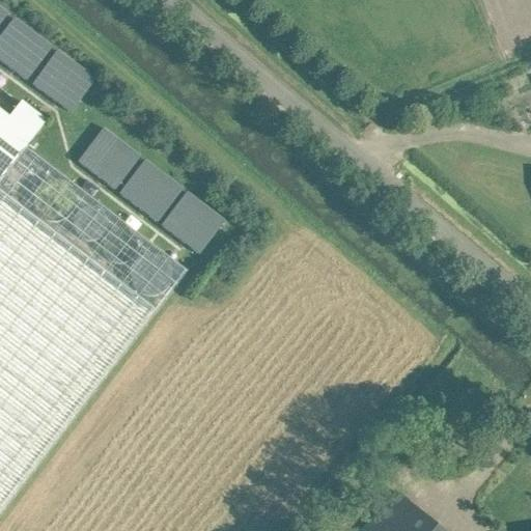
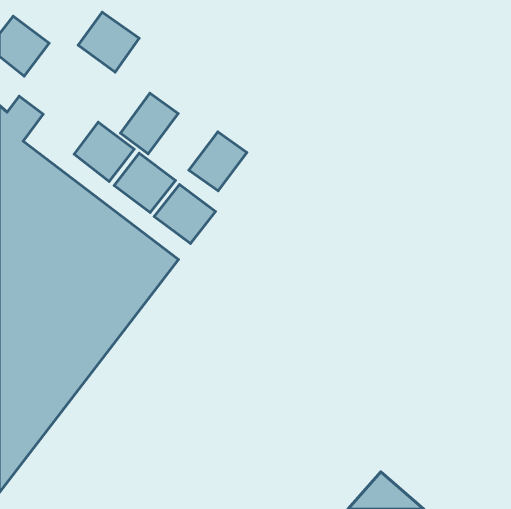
building: [31,49,94,111] -> [78,12,139,72]
building: none -> [121,93,178,154]
building: none -> [189,132,247,191]

